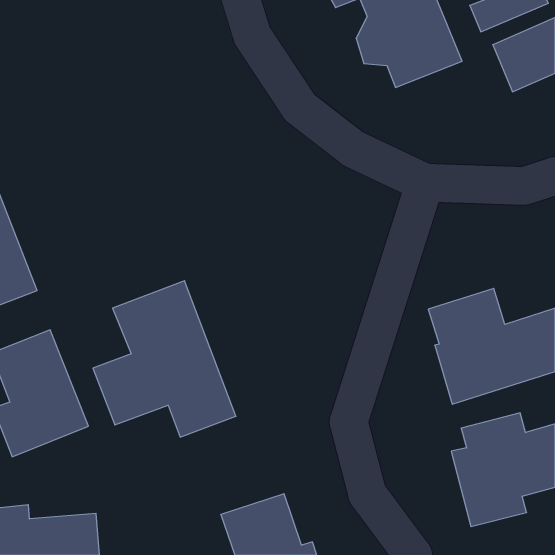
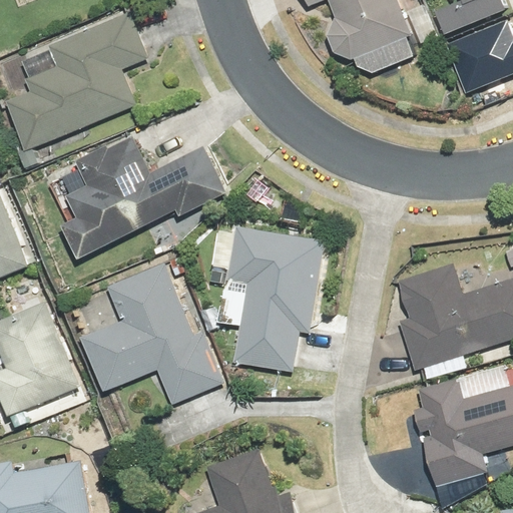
building: none -> [7,18,146,146]
building: none -> [65,139,222,250]
building: none -> [226,224,319,373]

